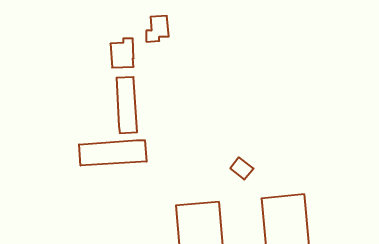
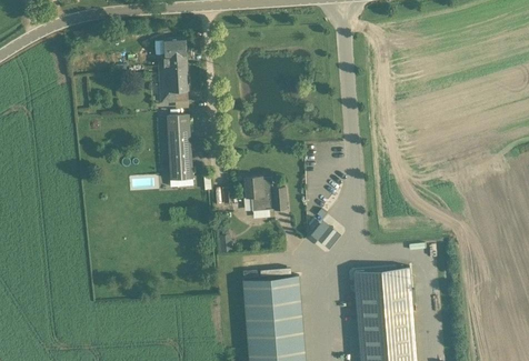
building: [146,16,169,42] -> [158,40,187,73]
building: none -> [243,178,287,213]
building: [79,140,147,166] -> none

